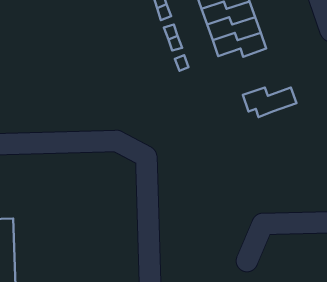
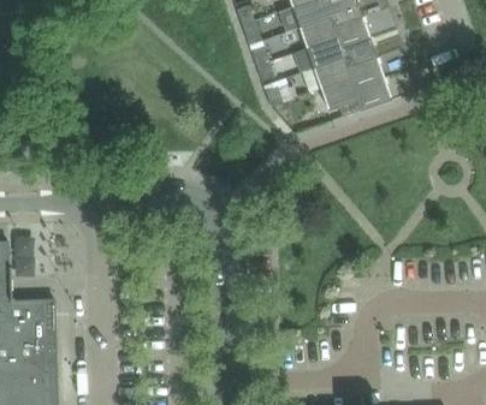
building: [243,88,296,117] -> [320,79,390,118]

